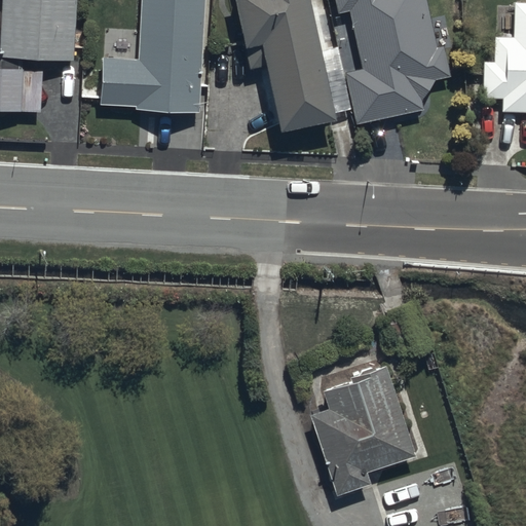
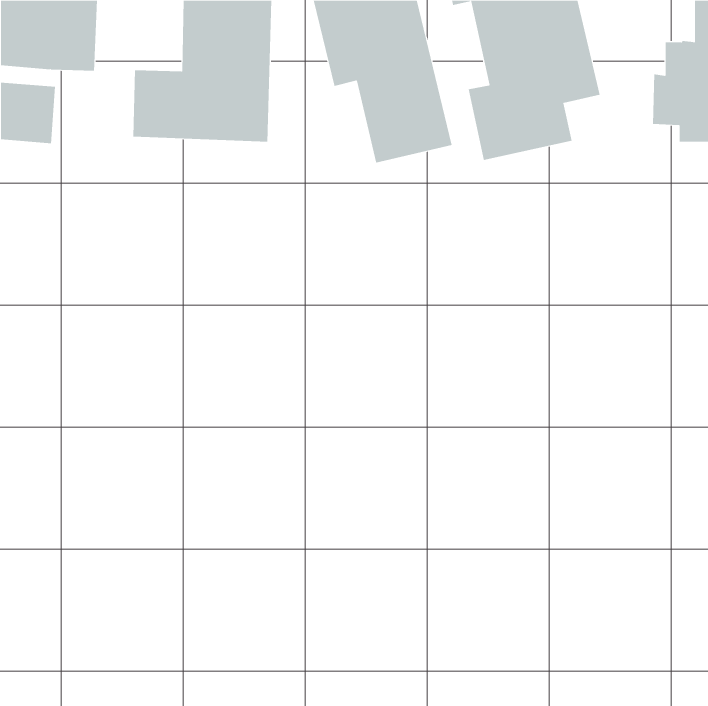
building: [309,362,416,495] -> none

